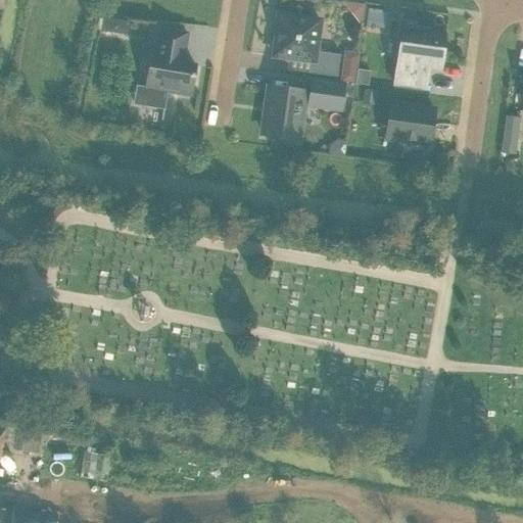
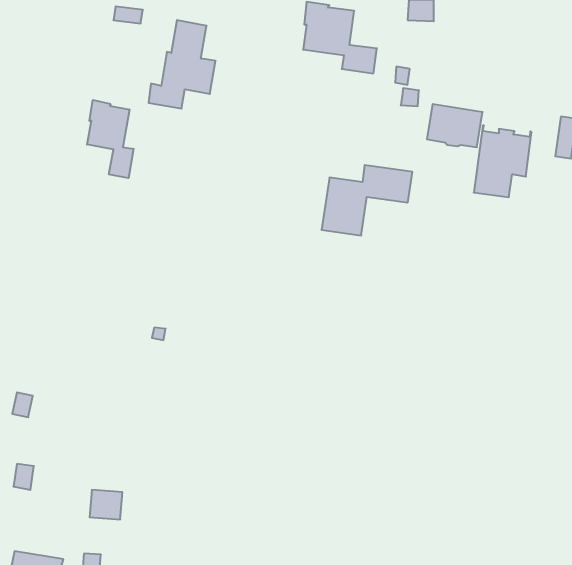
building: [394,25,446,89] -> [474,126,532,197]
building: [263,77,344,140] -> [321,165,412,235]
building: none -> [87,100,134,178]

